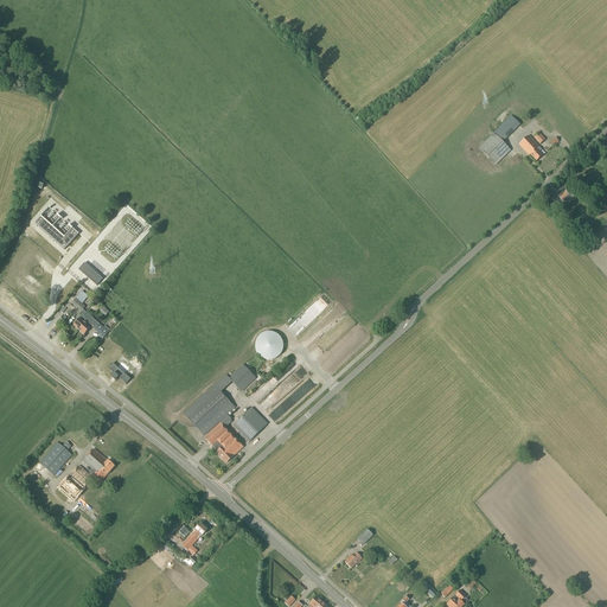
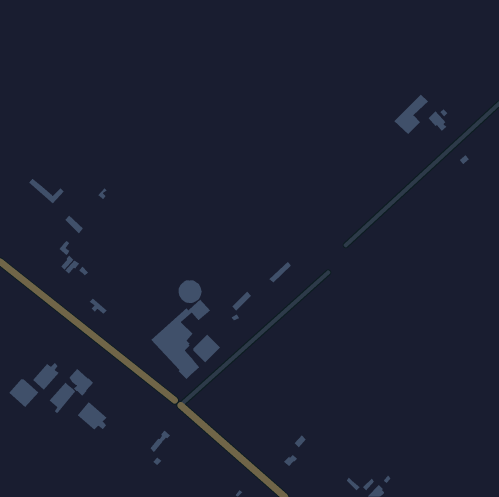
building: [256,331,286,359] -> [178,280,202,303]
building: none -> [8,378,39,408]
building: none -> [77,401,107,431]

